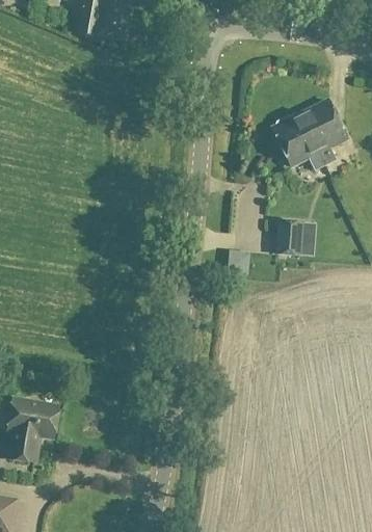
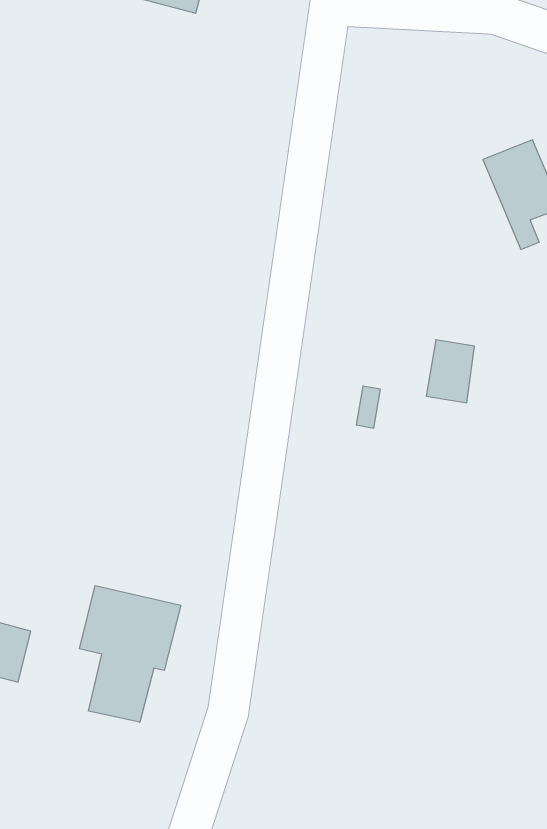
building: [271,113,324,169] -> none
building: none -> [79,586,181,722]

